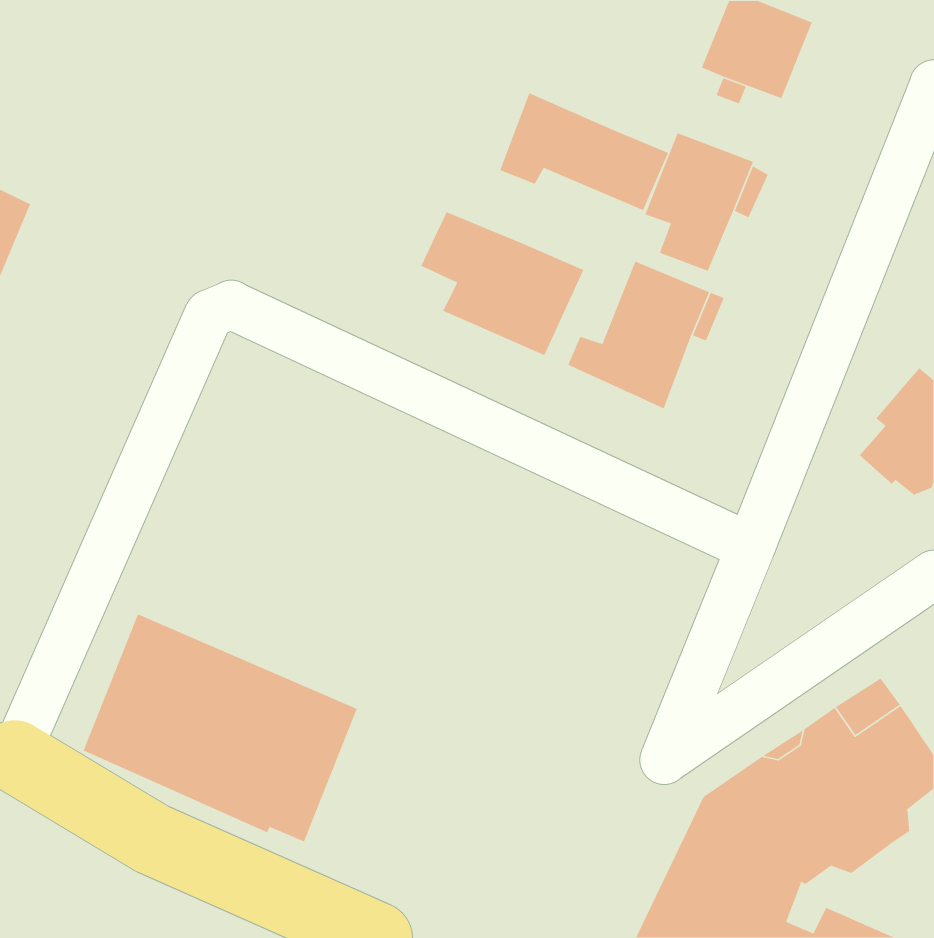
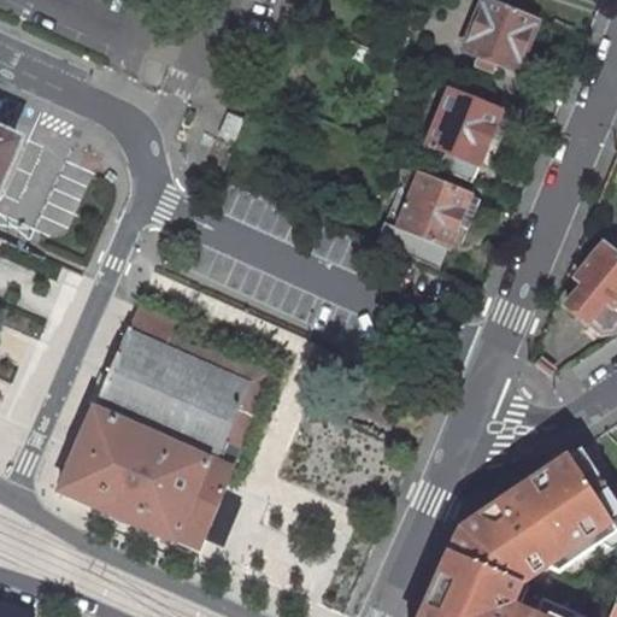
building: [499,92,669,211] -> none
building: [420,211,584,356] -> none
building: none -> [93,306,277,465]

